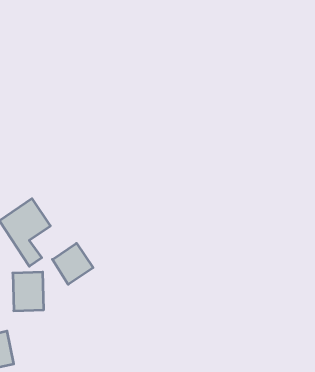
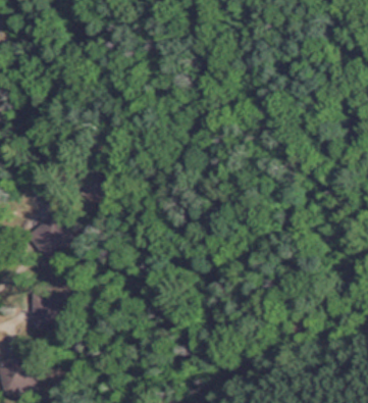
building: [52,243,93,284] -> none

